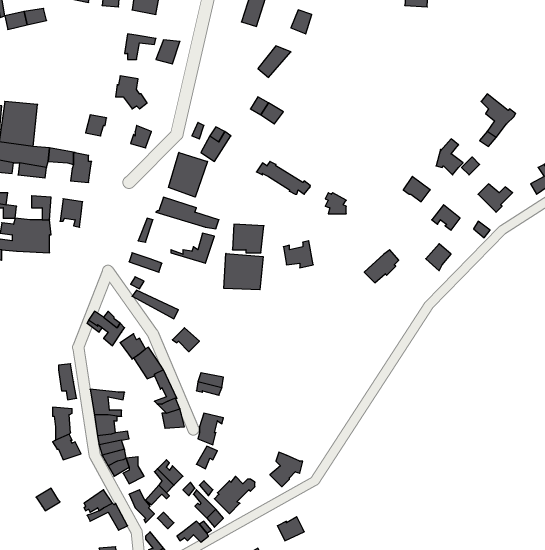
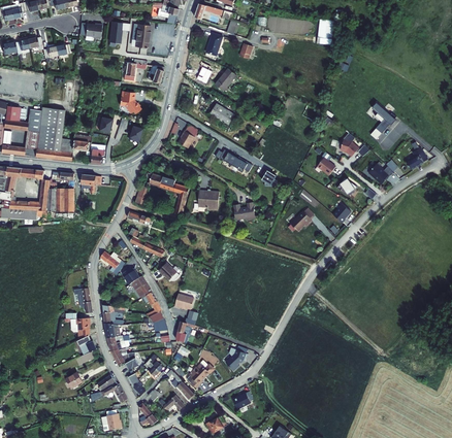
building: [168,152,207,197] -> none
building: [224,253,263,290] -> none

